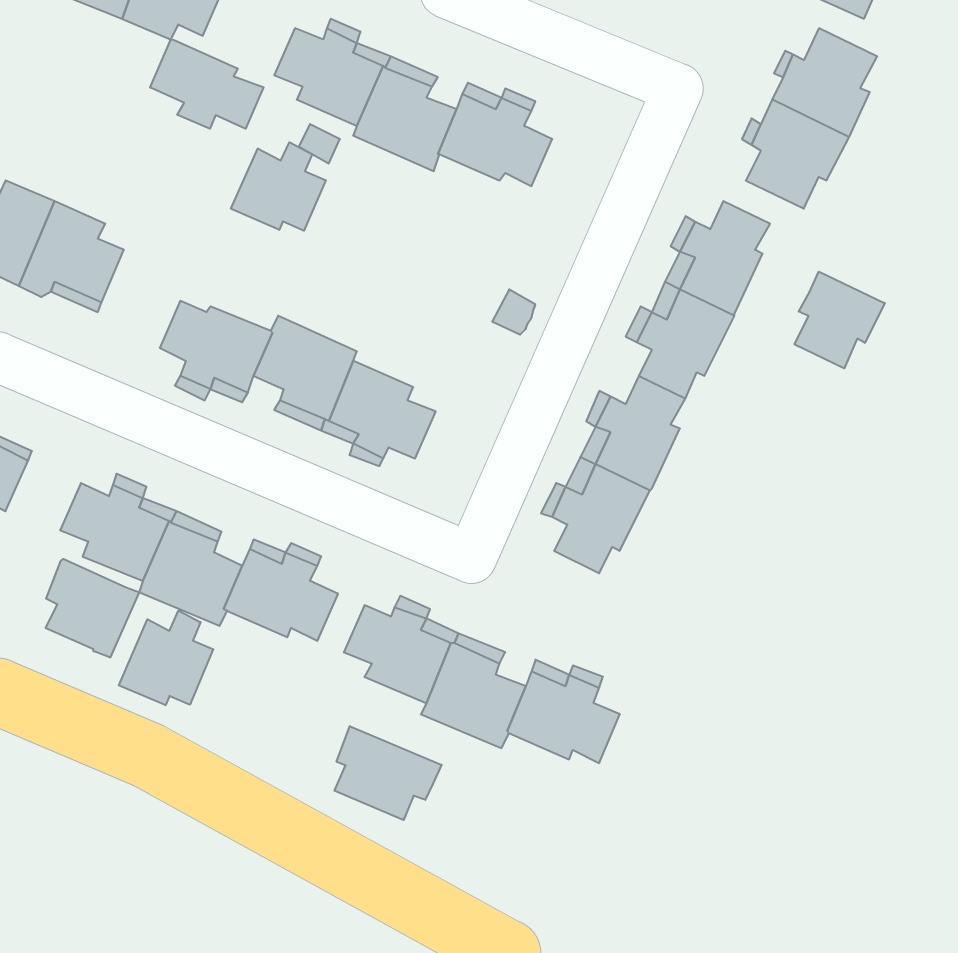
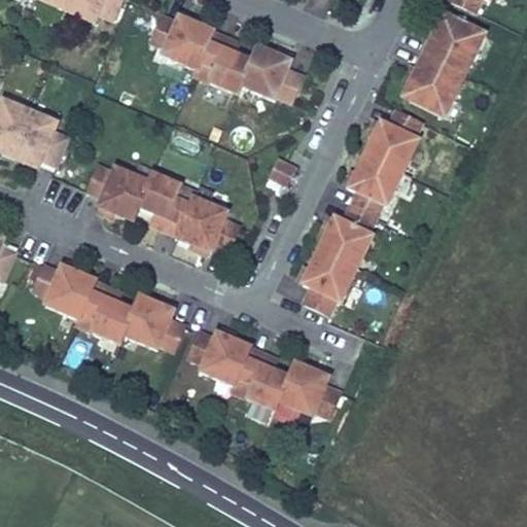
building: [150,39,264,129] -> none
building: [231,142,326,231] -> none
building: [795,272,885,368] -> none
building: [46,559,139,658] -> none
building: [119,611,213,705] -> none
building: [334,726,442,820] -> none

